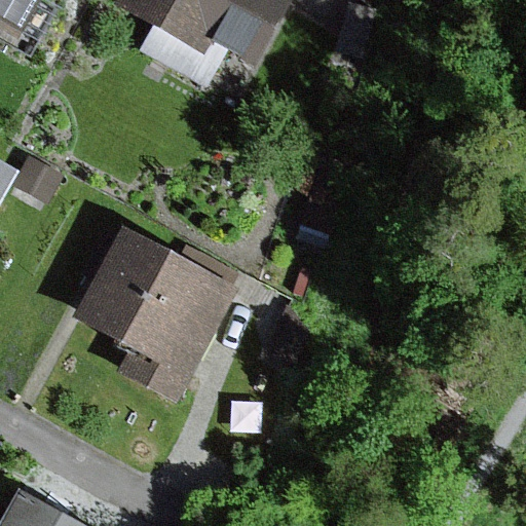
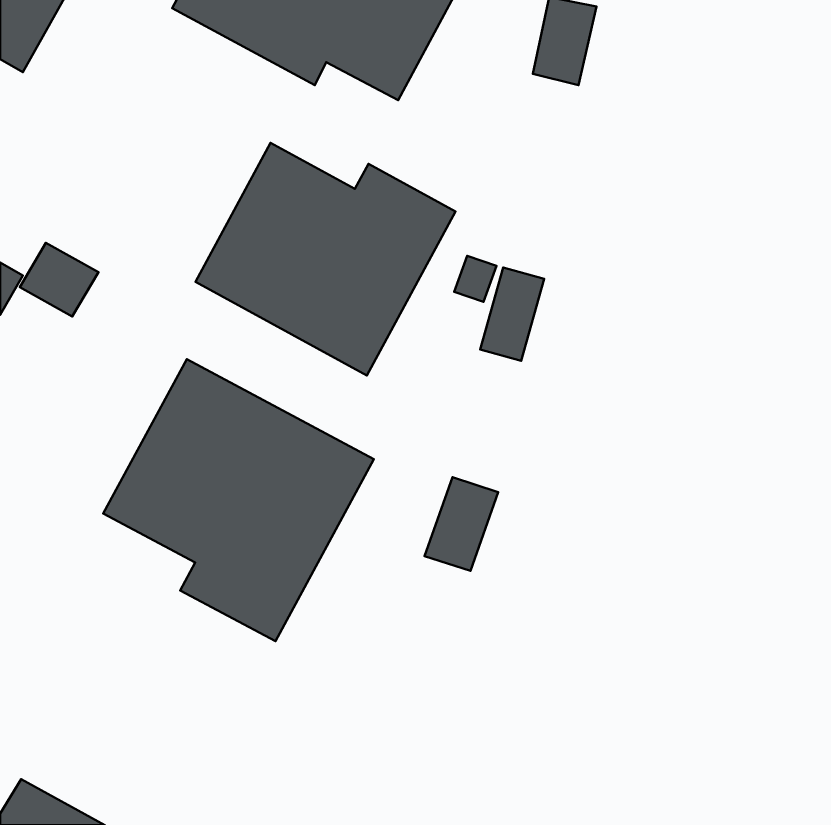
building: none -> [196,143,456,376]

